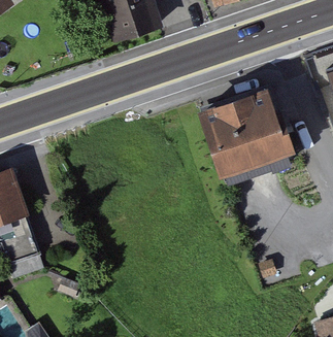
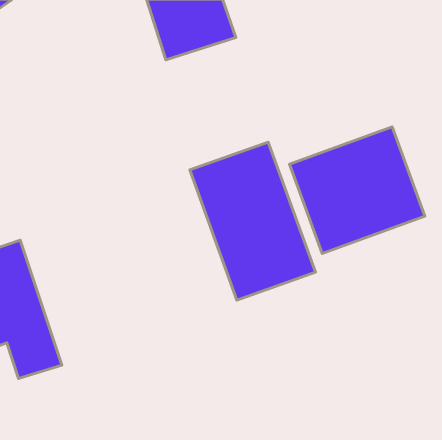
building: none -> [190,142,315,300]

